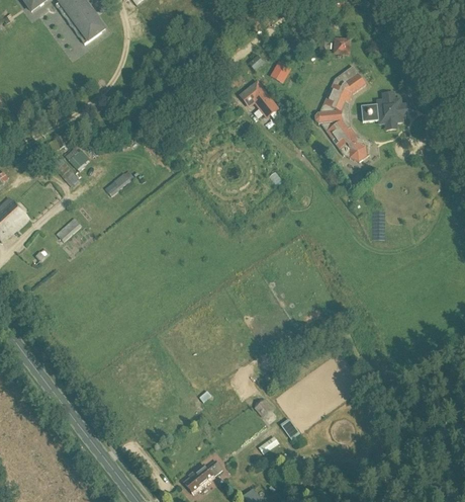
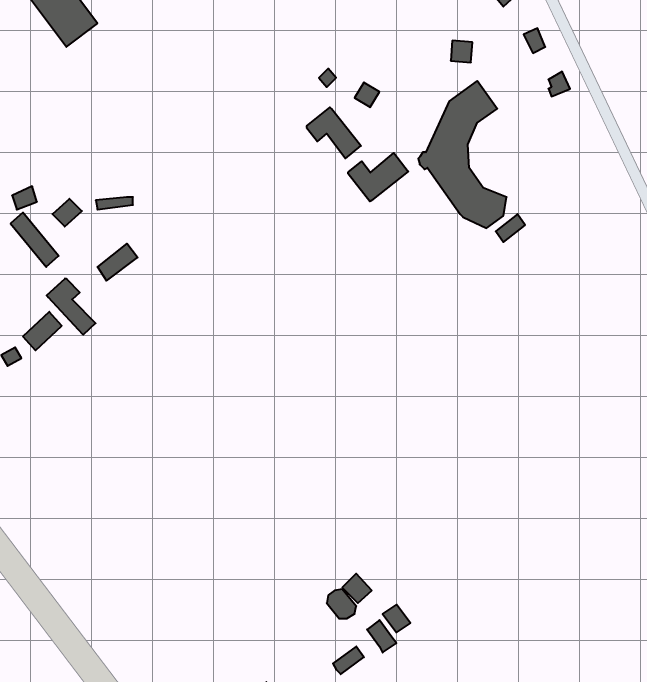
building: [365,93,406,126] -> none
building: none -> [348,153,408,201]
building: none -> [47,278,96,335]

